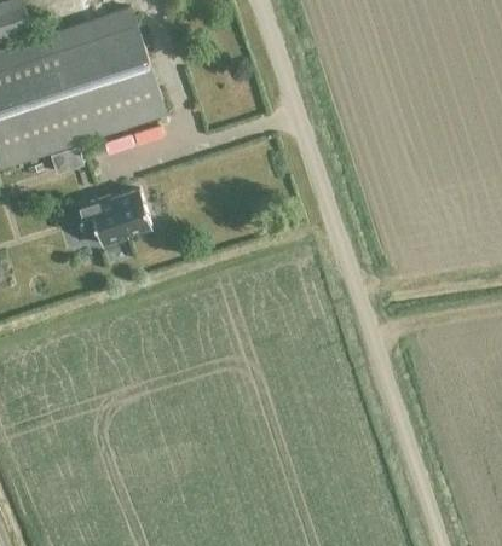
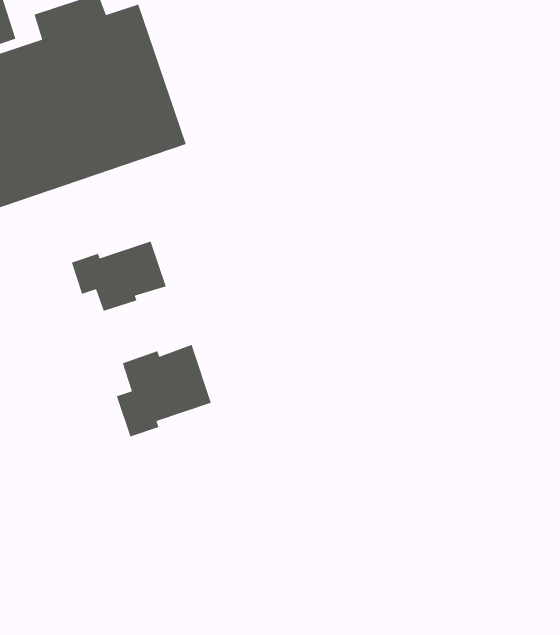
building: none -> [116,344,212,437]

